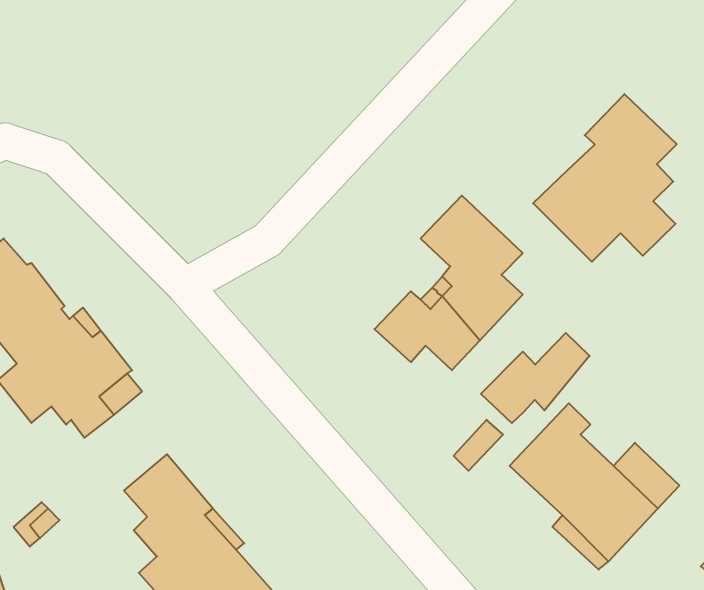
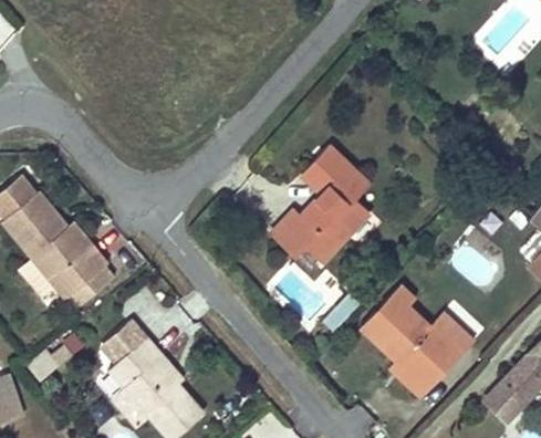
building: [533,94,677,262] -> none
building: [481,333,590,423] -> none

